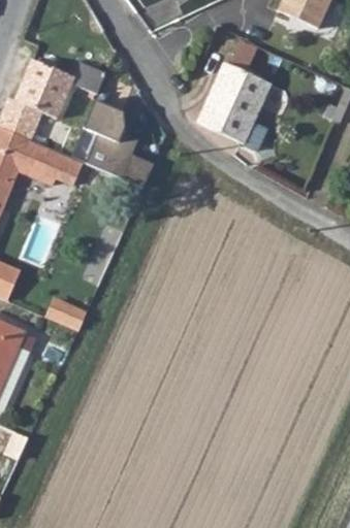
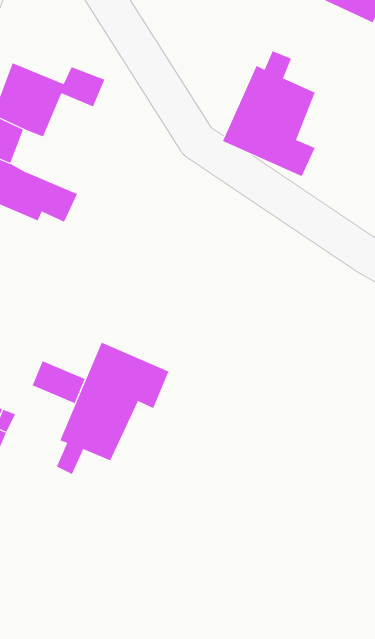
building: [83,101,155,189] -> none
building: none -> [56,342,169,475]

